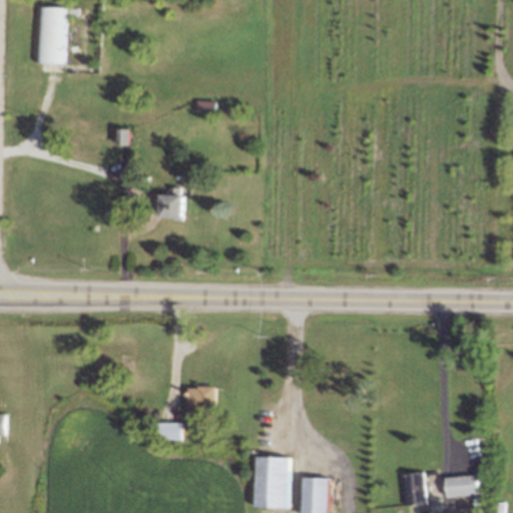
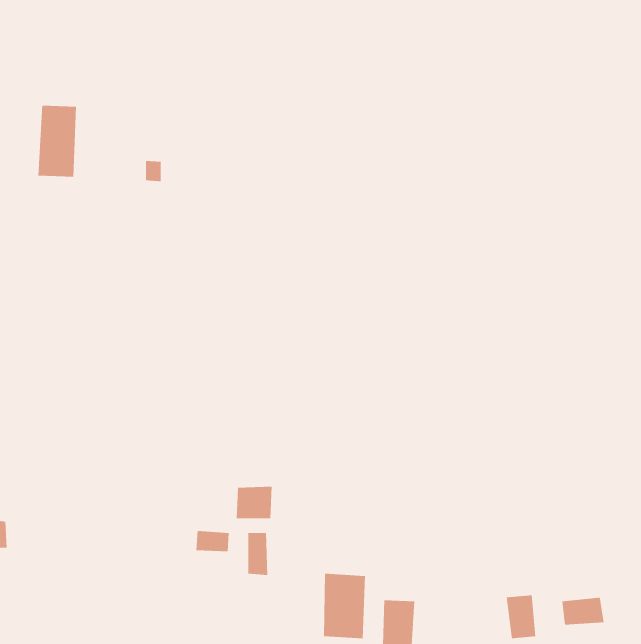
building: [35,7,66,64] -> [38,105,77,177]
building: [161,194,184,218] -> none
building: none -> [248,532,268,576]

